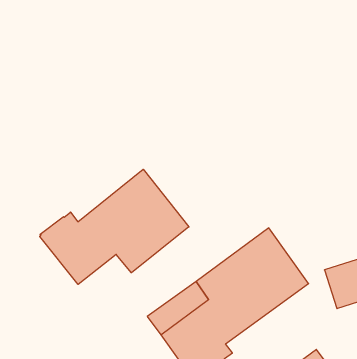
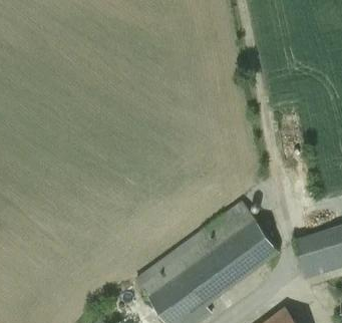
building: [40,169,189,284] -> none

